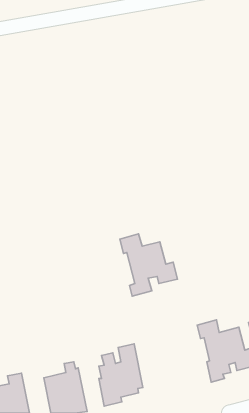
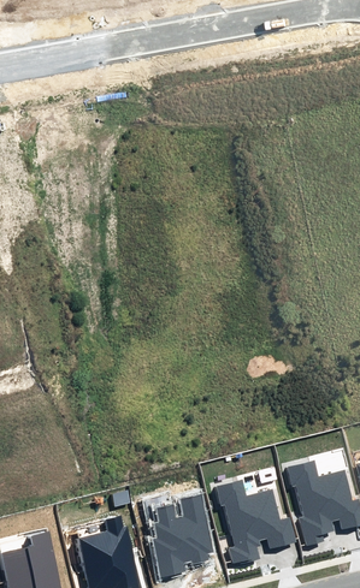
building: [120,234,177,296] -> [216,480,294,564]

